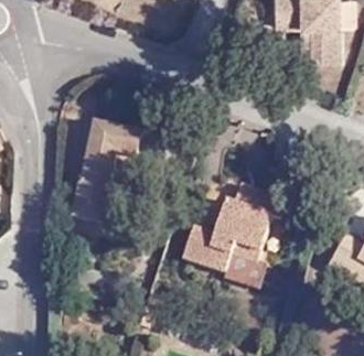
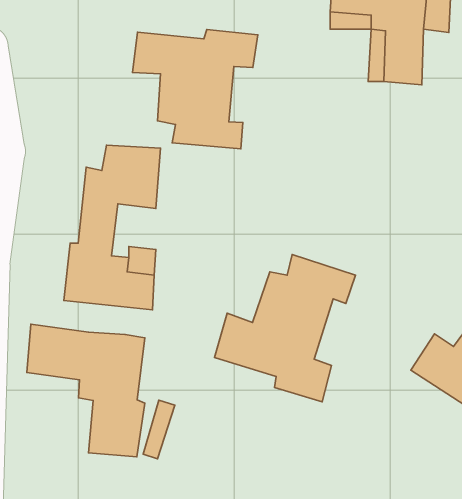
building: none -> [132,29,258,149]
building: none -> [27,324,145,457]

